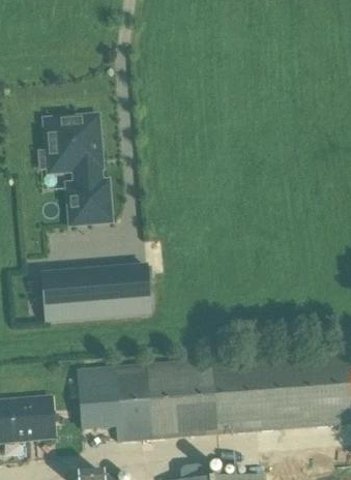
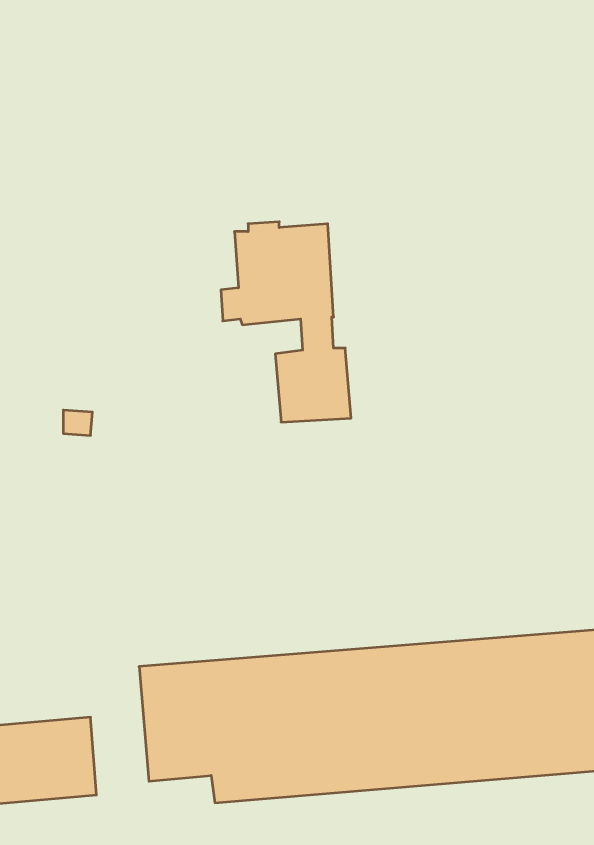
building: [39,115,109,221] -> [221,222,351,422]
building: [42,264,149,322] -> none

